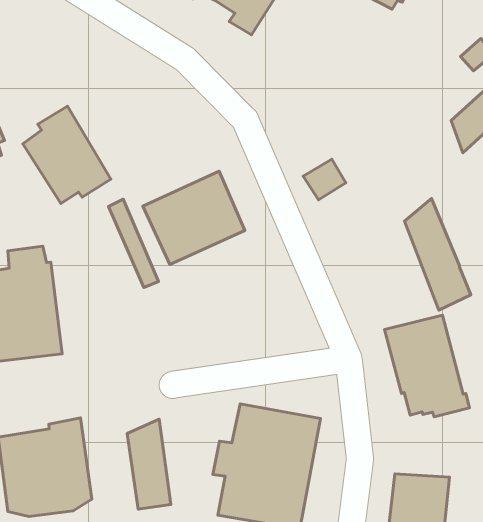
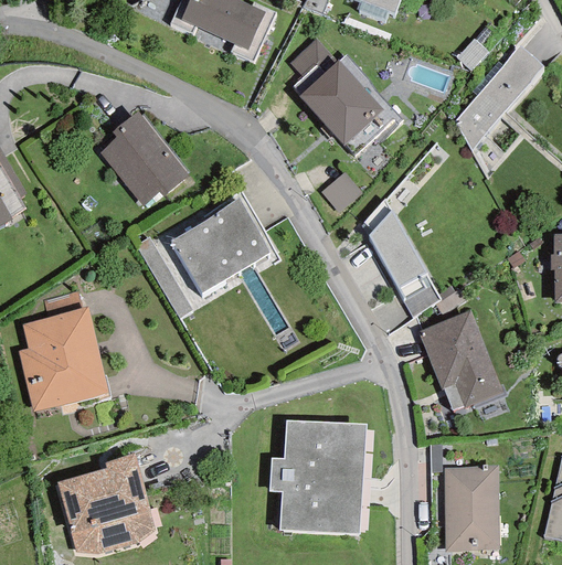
building: none -> [290,40,404,153]
building: [23,106,111,204] -> [99,110,189,205]
building: [405,198,471,310] -> [369,210,442,317]
building: [127,419,171,509] -> none

